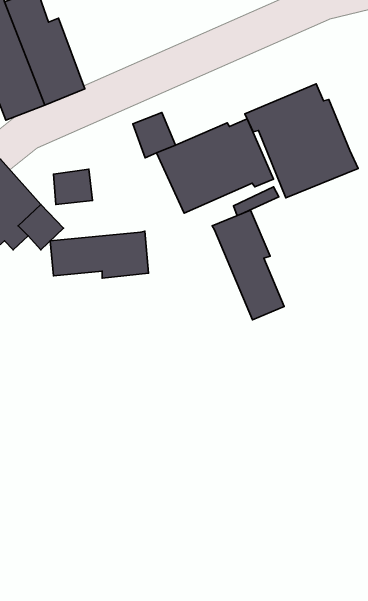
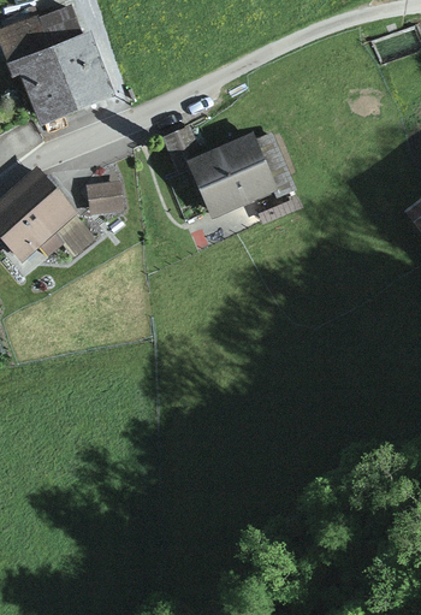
building: [245,84,358,198] -> none
building: [212,210,284,320] -> none
building: [50,231,149,278] -> none

